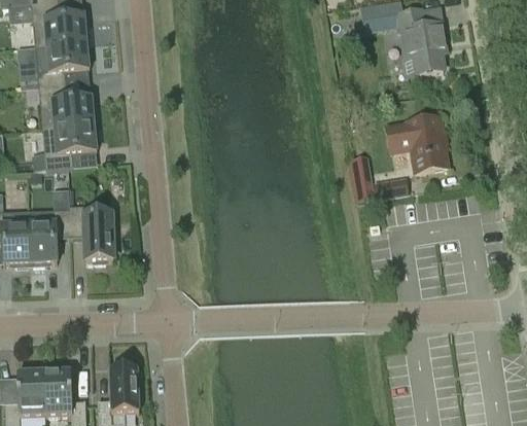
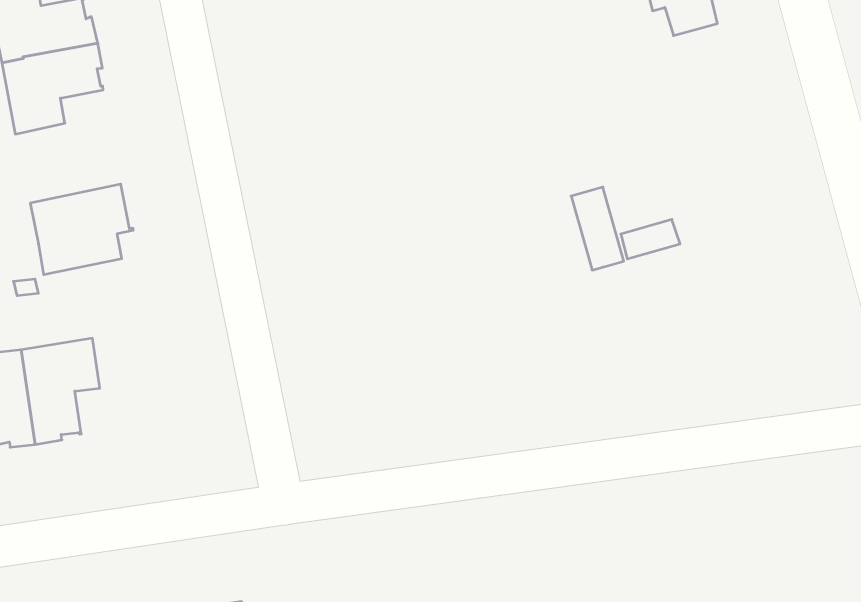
building: [38,83,95,127] -> none
building: [386,113,448,170] -> none
building: [69,204,115,260] -> none

